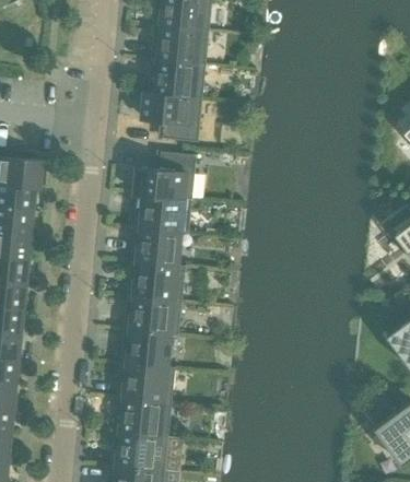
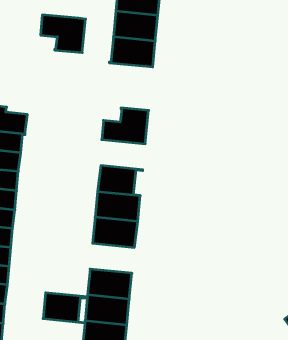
building: [145,93,204,142] -> [41,15,86,53]
building: [137,193,195,233] -> none
building: [122,329,180,368] -> [43,293,87,323]

